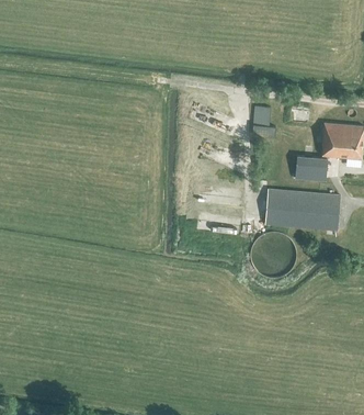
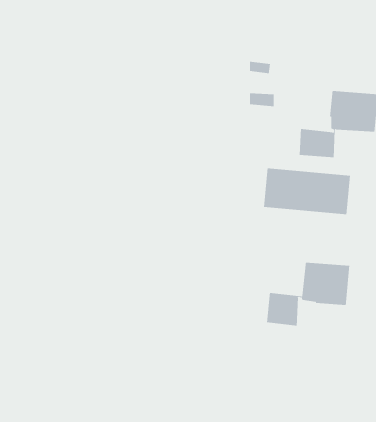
building: none -> [266,262,350,326]

